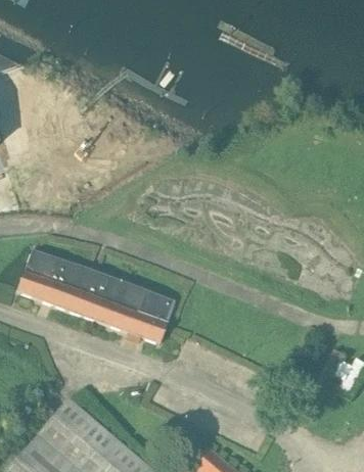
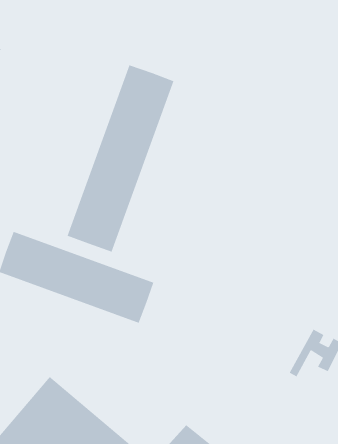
building: none -> [67,65,174,252]

